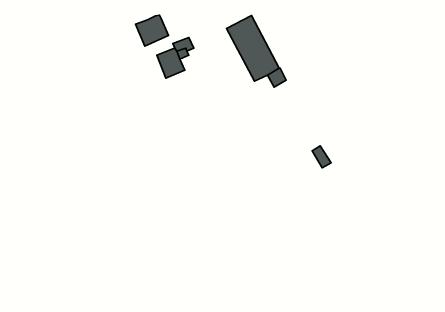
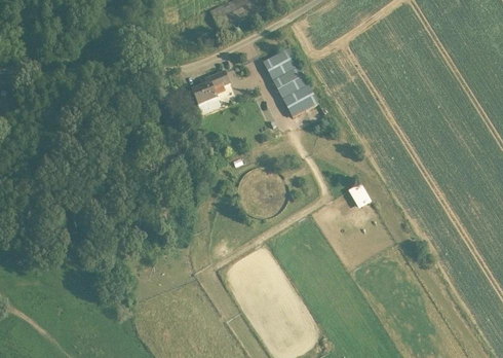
building: [136,15,169,46] -> none

